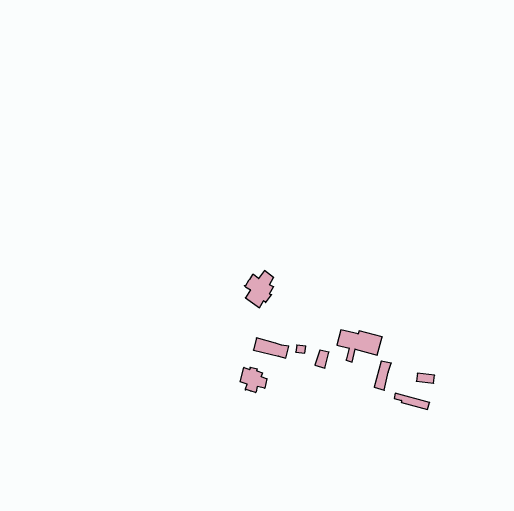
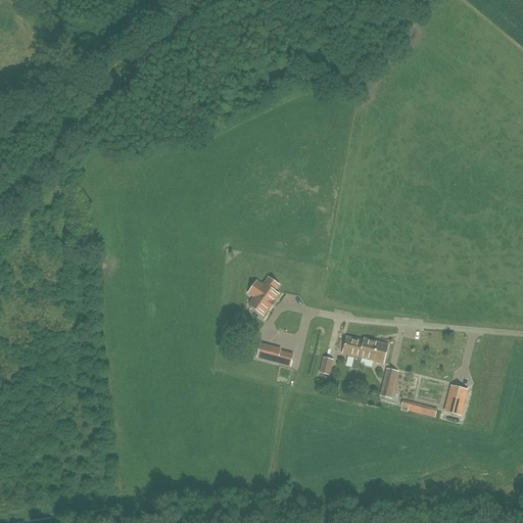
building: [240,367,267,393] -> none
building: none -> [444,384,466,414]

